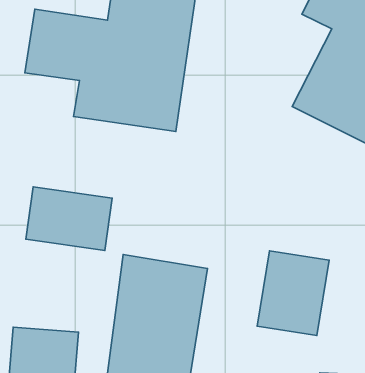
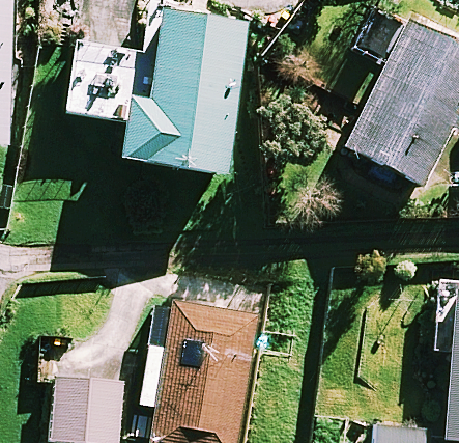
building: [26,187,112,251] -> none
building: [257,251,329,335] -> none

